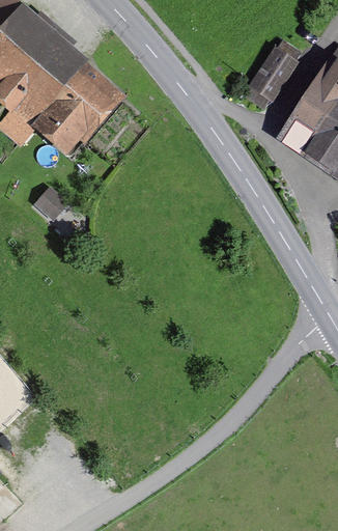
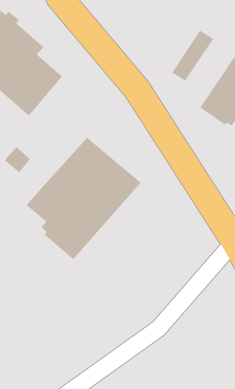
building: none -> [26,137,141,260]

